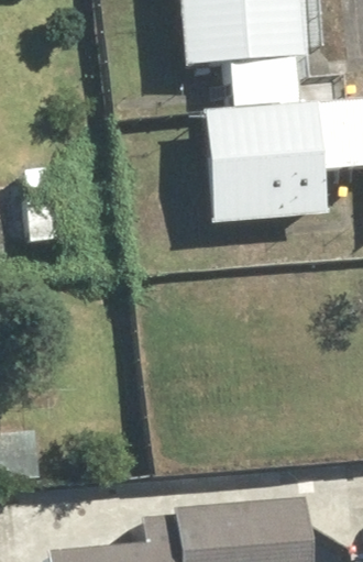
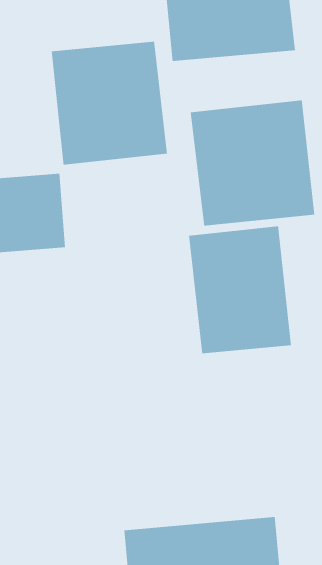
building: none -> [51,41,168,165]
building: none -> [188,226,291,354]

